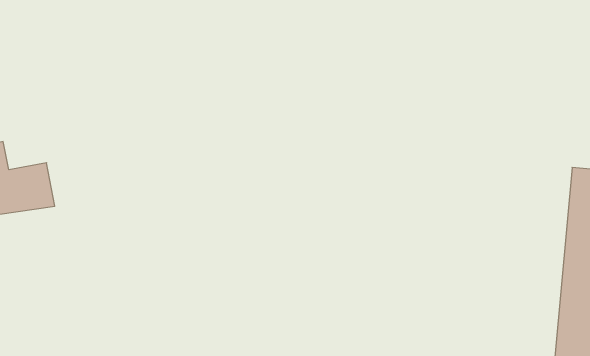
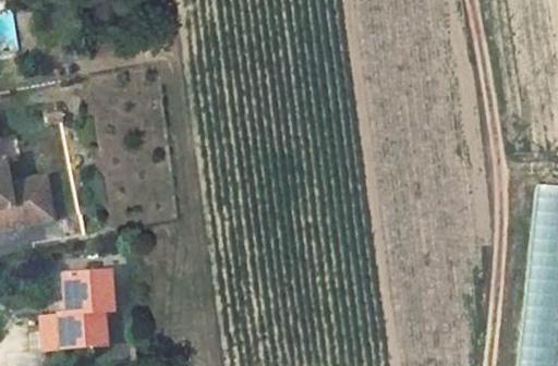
building: none -> [48,270,117,350]

